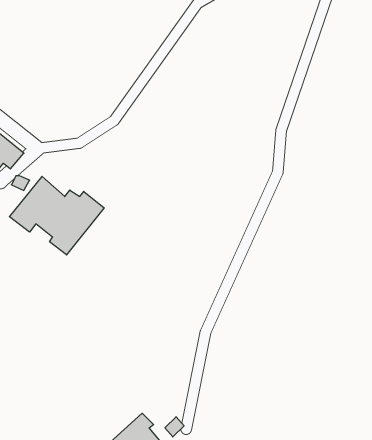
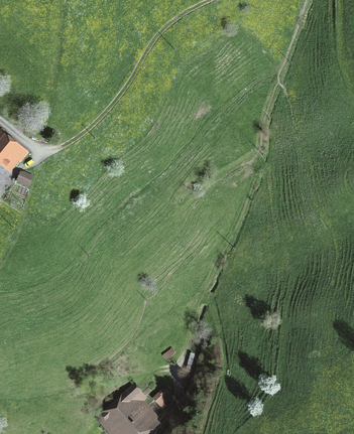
building: [9,176,104,255] -> none

